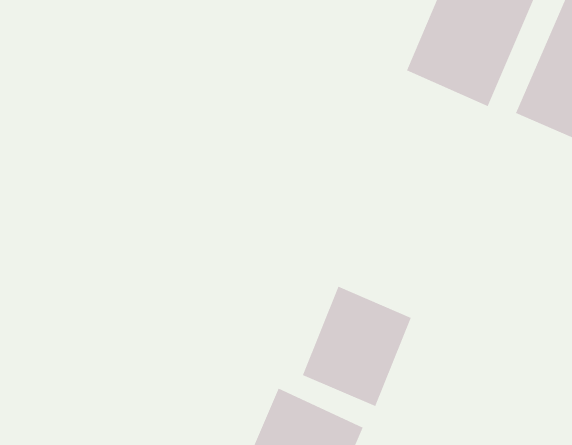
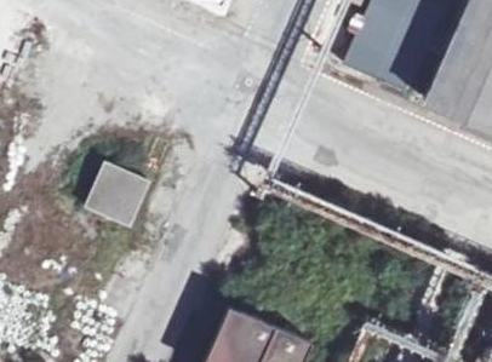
building: none -> [93,157,153,218]
building: [302,286,411,407] -> none

